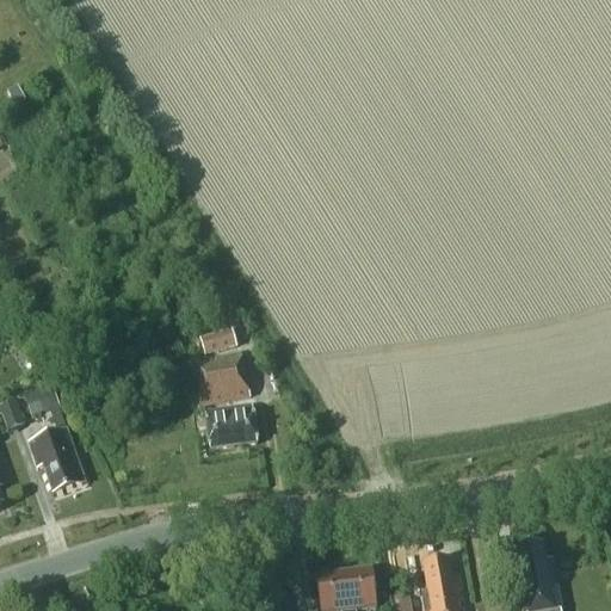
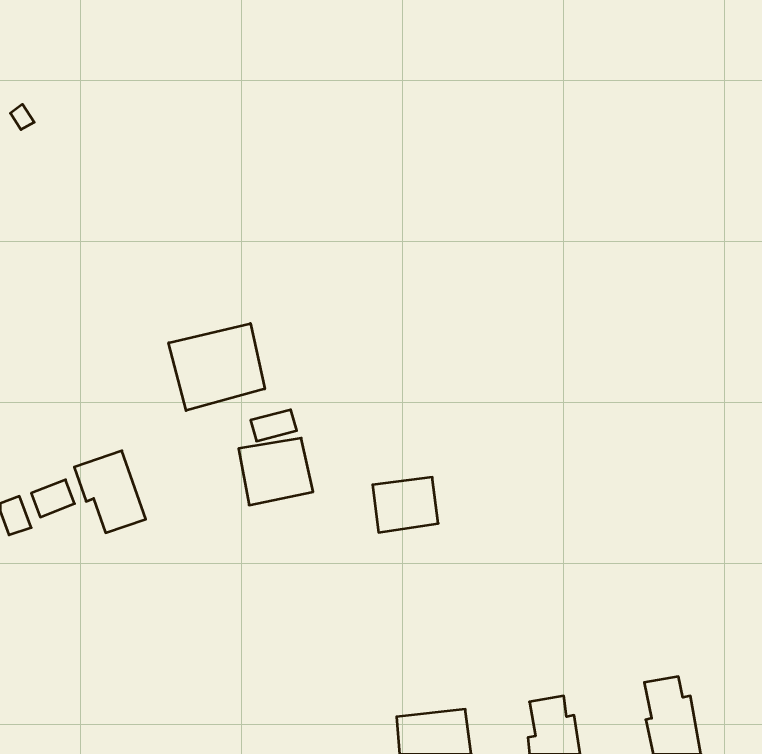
building: none -> [169,323,265,411]
building: [205,403,258,448] -> [373,477,438,532]
building: [29,426,86,492] -> [74,451,146,533]

